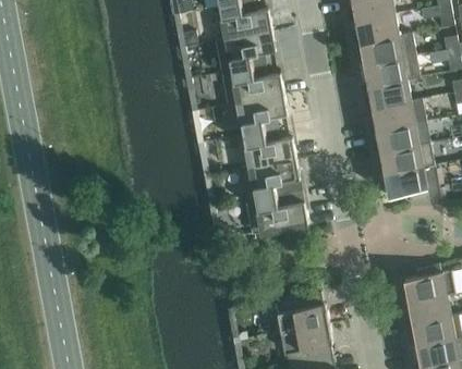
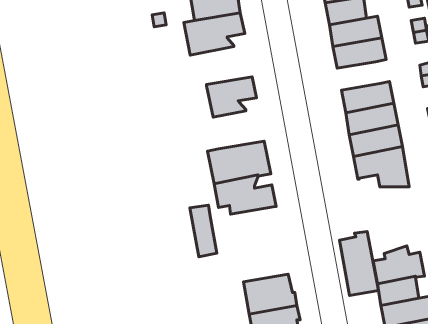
building: [221,64,283,106] -> none
building: [368,79,411,108] -> none
building: [244,128,295,167] -> none
building: none -> [190,205,217,257]
building: none -> [339,231,378,295]

